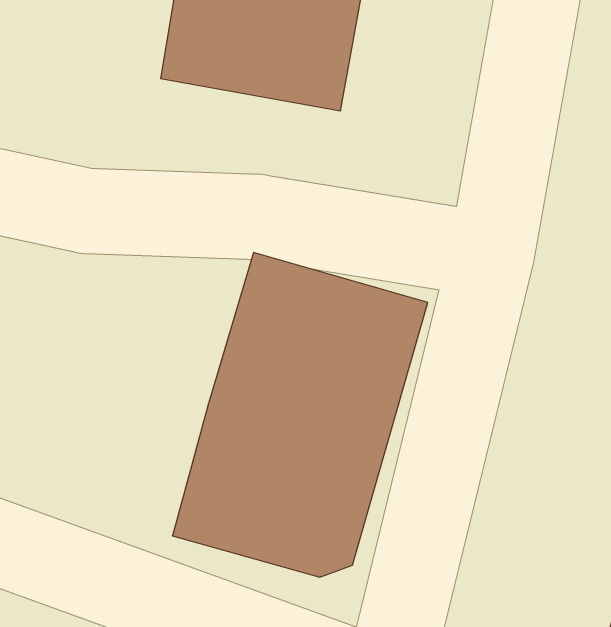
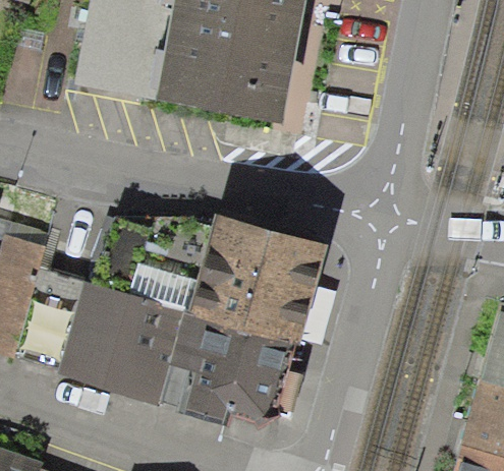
building: none -> [60,285,187,401]

